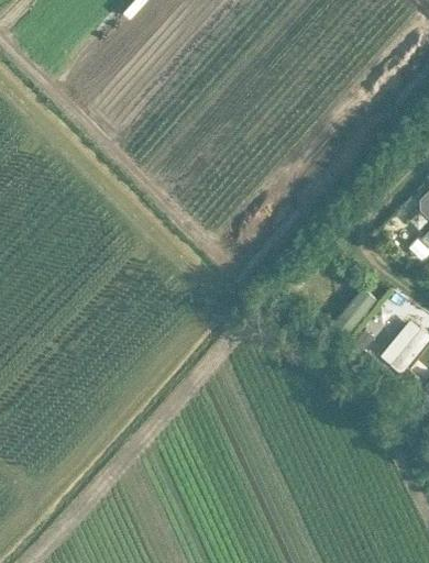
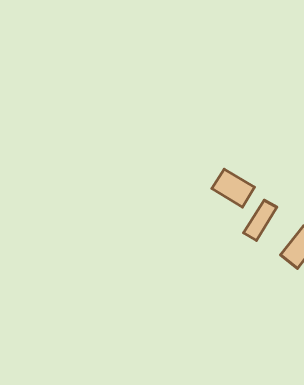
building: none -> [212,169,255,207]

